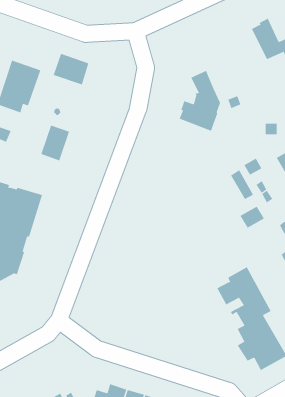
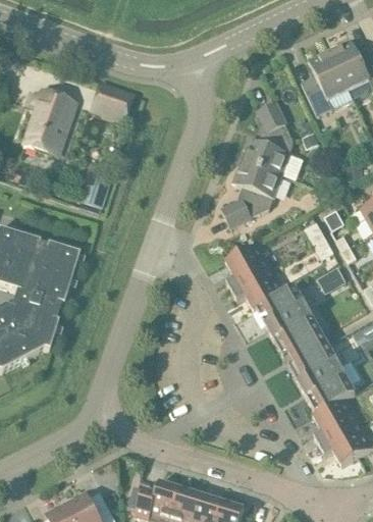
building: none -> [302,51,349,115]
building: none -> [221,160,282,227]
building: none -> [225,242,325,357]

